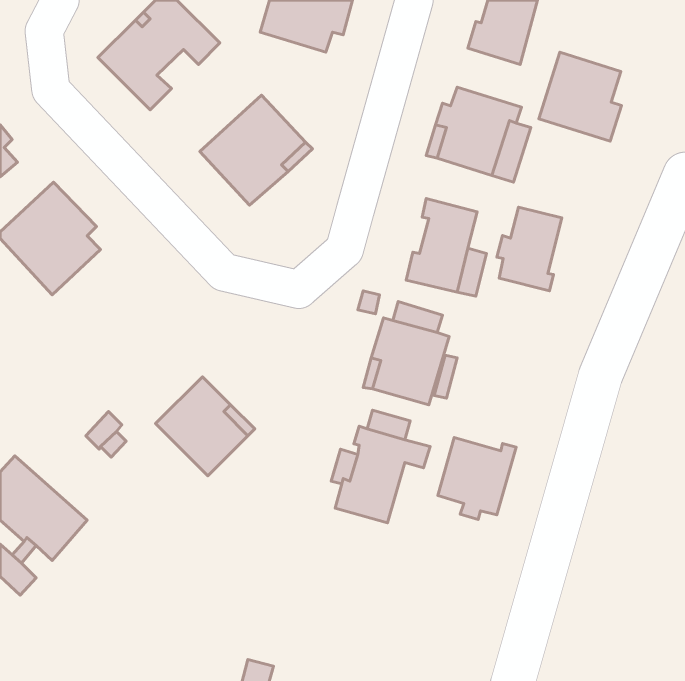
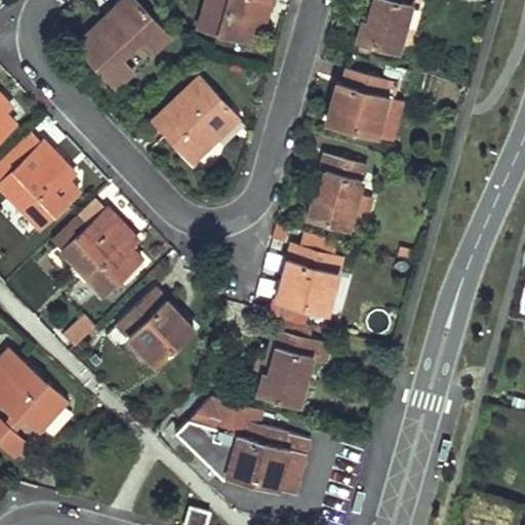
building: [539,52,621,141] -> none
building: [497,207,562,291] -> none
building: none -> [52,211,139,296]
building: [438,438,516,520] -> none
building: none -> [172,396,309,493]

